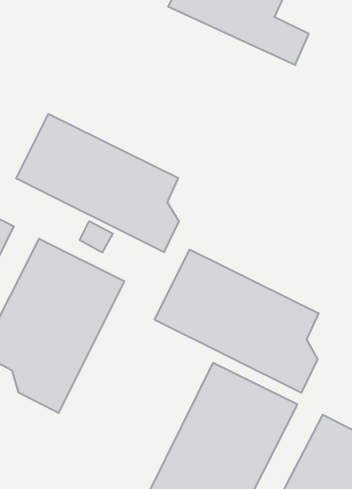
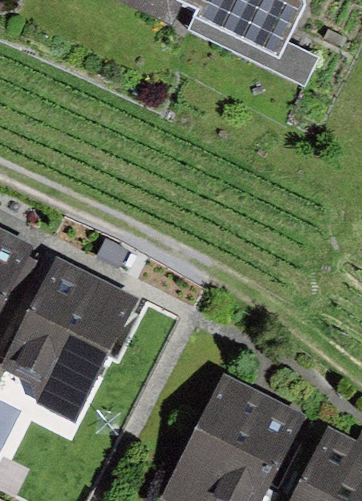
building: [16,114,179,252] -> none
building: [155,250,319,393] -> none

